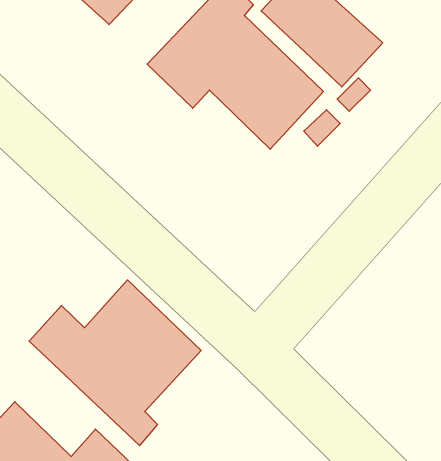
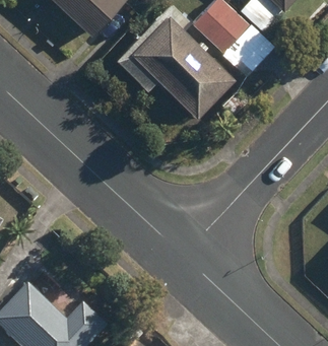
building: [29,280,201,446] -> none

